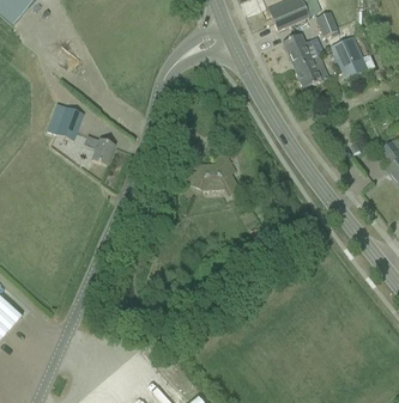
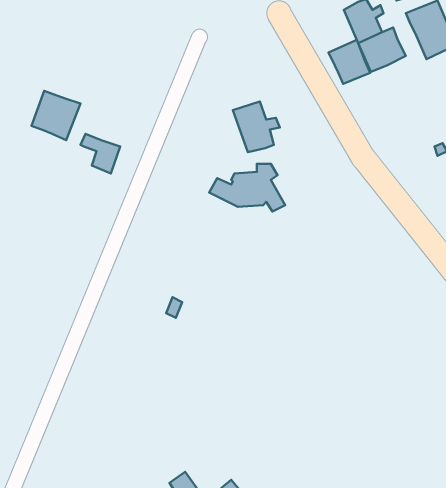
building: none -> [329,40,370,84]
building: none -> [233,101,280,152]

